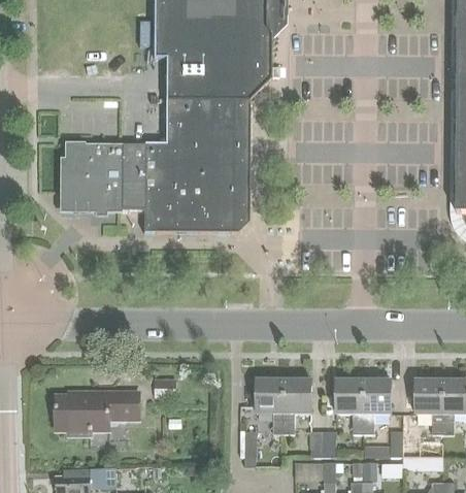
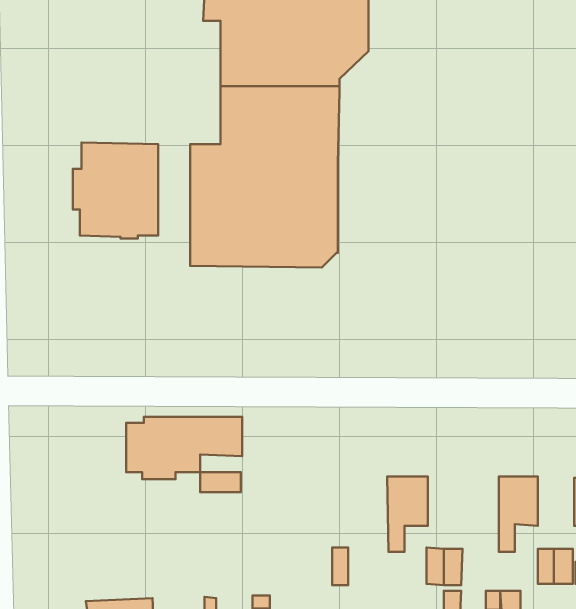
building: [120,143,142,208] -> none
building: [258,380,284,433] -> none
building: [337,380,362,433] -> none
building: [57,391,139,435] -> [126,417,242,479]

